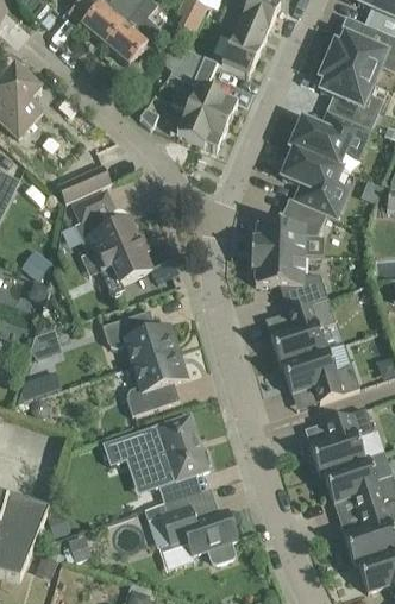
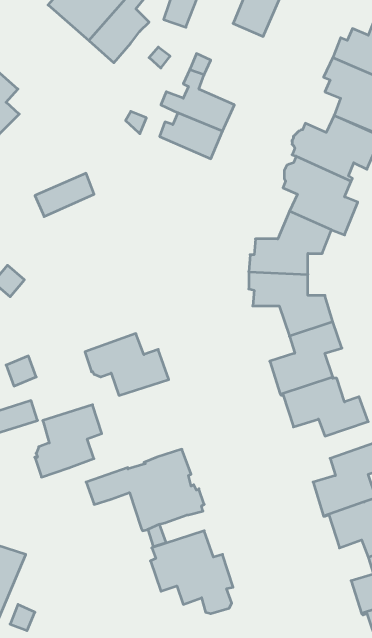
building: [221,27,264,75] -> none
building: [74,189,152,294] -> none
building: [126,350,187,415] -> [35,405,102,477]

